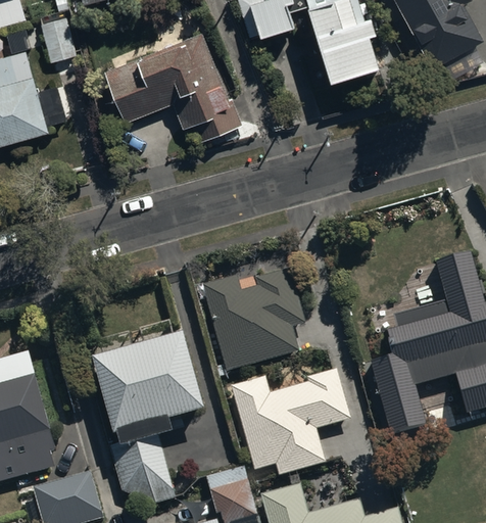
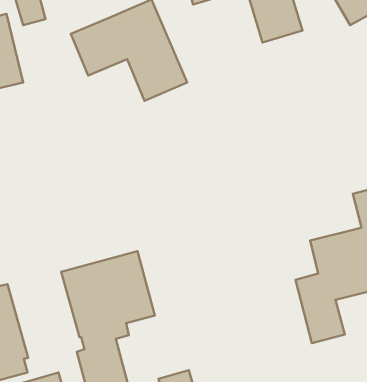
building: [202,267,304,372] -> none
building: [231,369,349,475] -> none

